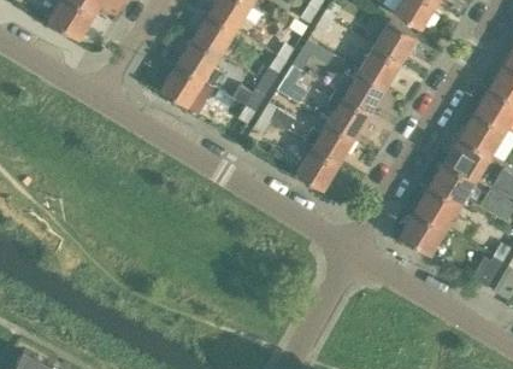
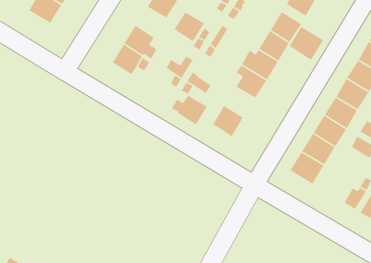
building: [191,17,234,58] -> [173,11,205,42]
building: none -> [289,26,324,61]
building: [303,124,353,165] -> [171,95,208,125]

